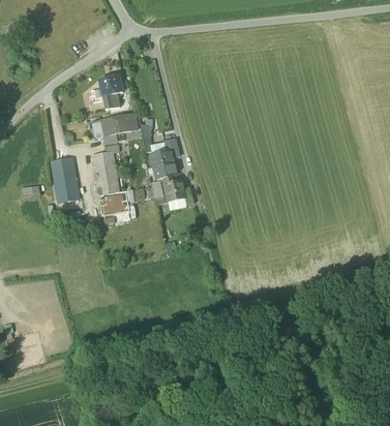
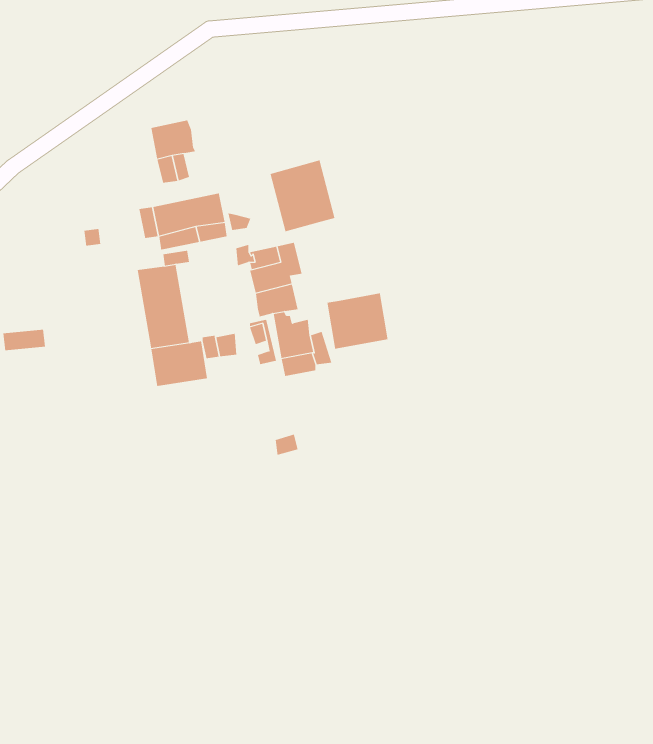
building: none -> [270,160,335,232]
building: [52,157,79,203] -> none
building: none -> [327,293,388,349]

